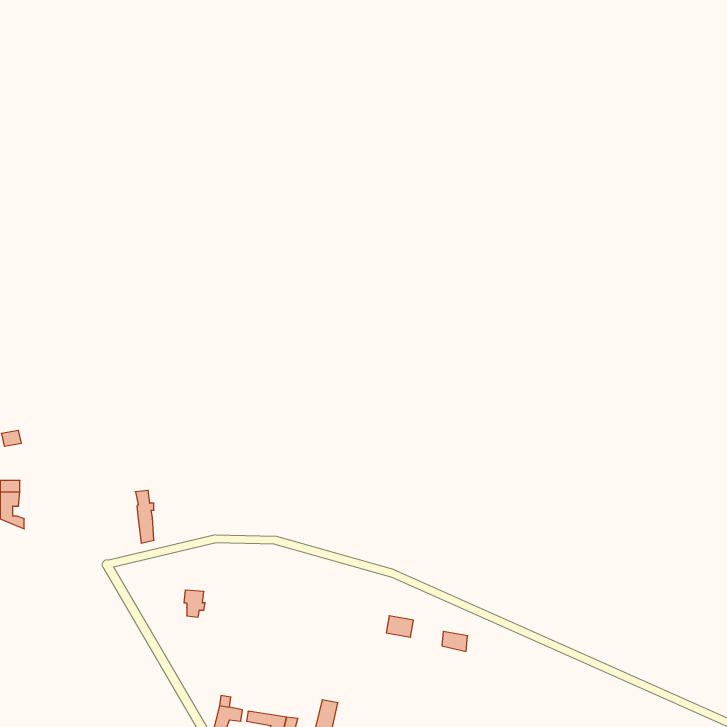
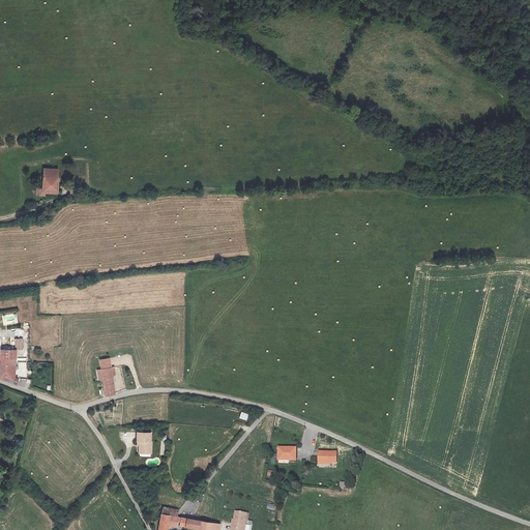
building: none -> [36,168,57,196]

